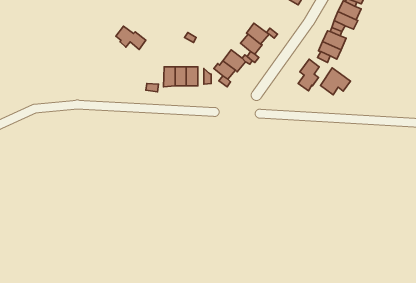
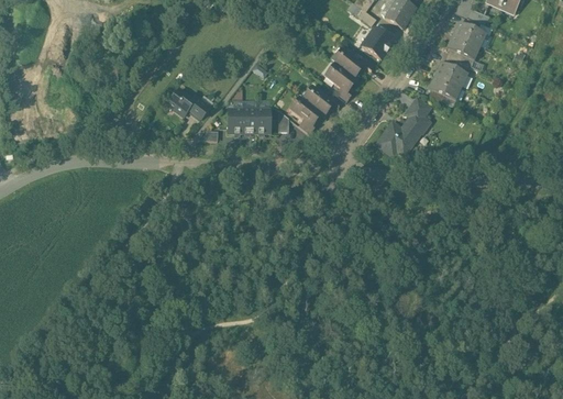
building: none -> [362,26,394,59]
building: [116,26,146,50] -> [169,89,209,120]
building: [321,68,351,95] -> [376,122,416,157]

